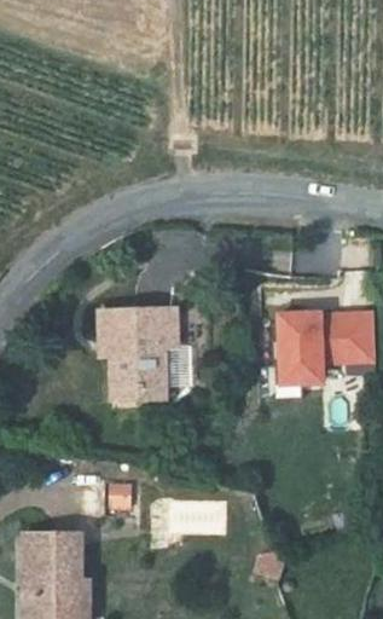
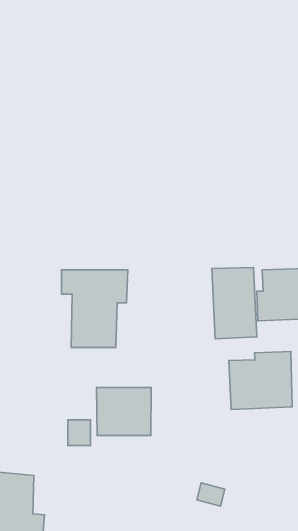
building: none -> [229,351,292,410]
building: none -> [97,387,151,435]

